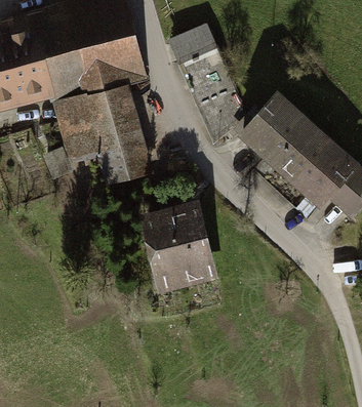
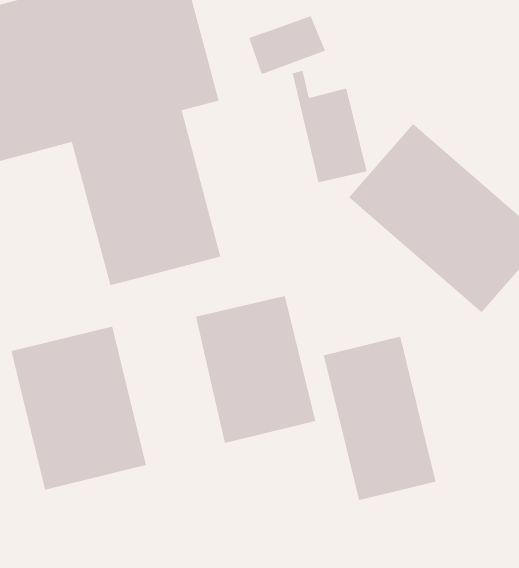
building: none -> [11,326,147,490]
building: none -> [323,336,436,501]

